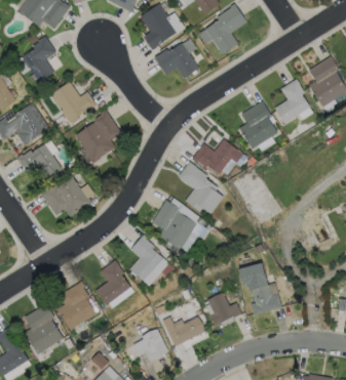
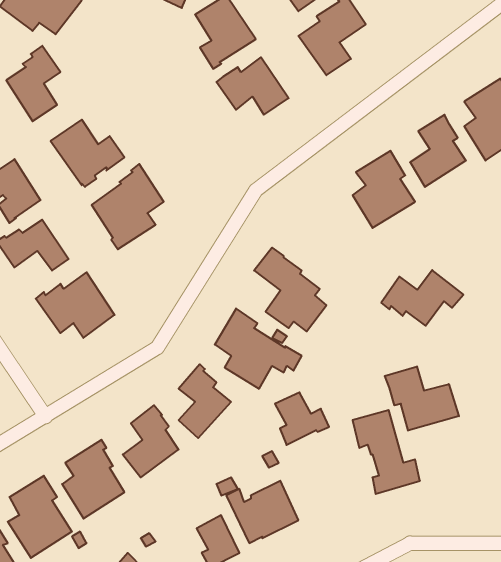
building: [192,139,243,174] -> [381,270,463,326]
building: none -> [385,366,459,431]
building: [207,293,241,326] -> [275,392,329,445]

